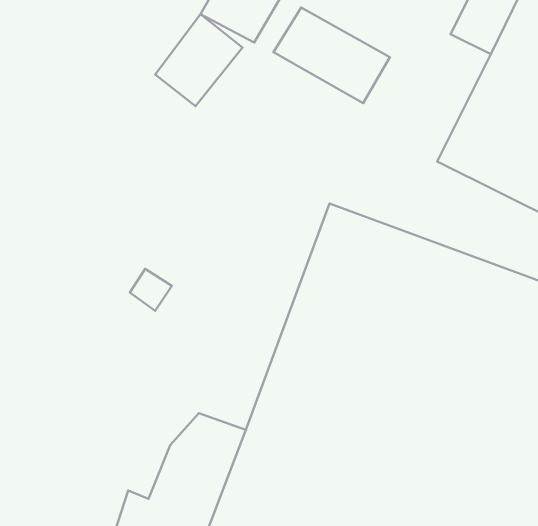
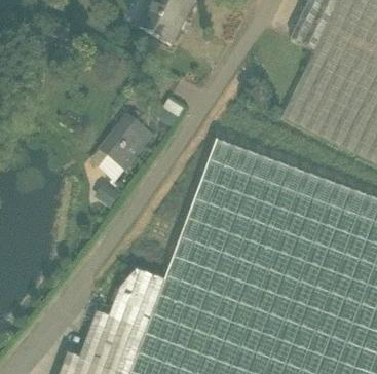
building: [273,8,390,103] -> none
building: [155,14,242,106] -> [100,112,153,169]

